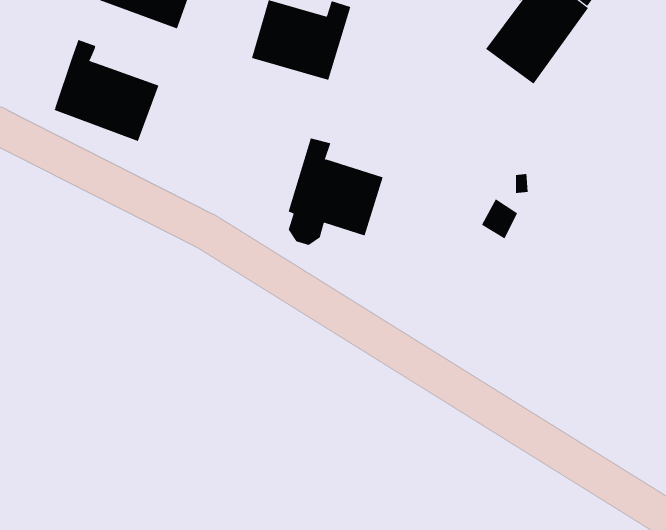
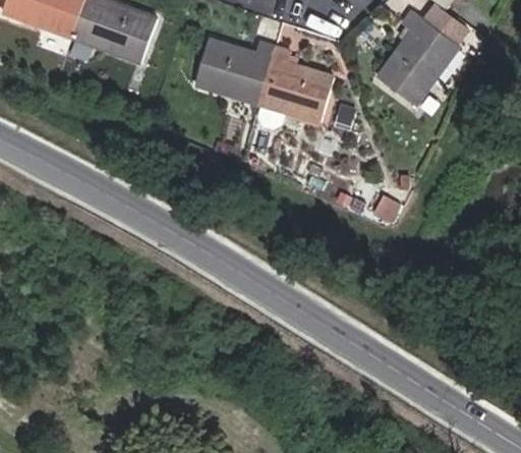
building: [54,39,159,142] -> none
building: [288,138,384,246] -> [256,45,331,128]

